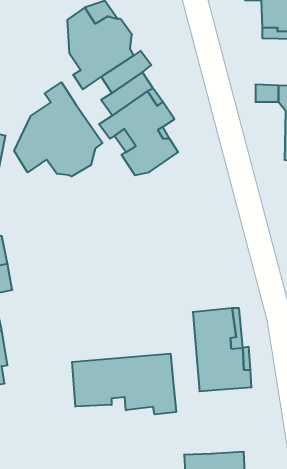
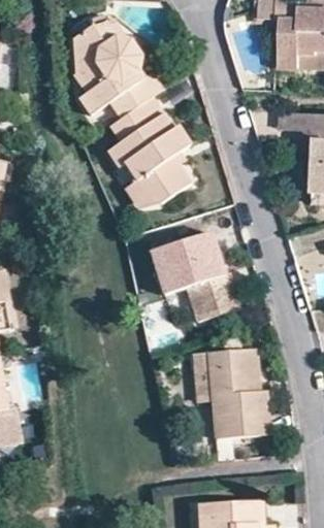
building: [14,82,102,176] -> none
building: none -> [152,233,241,323]
building: [72,354,176,414] -> none

